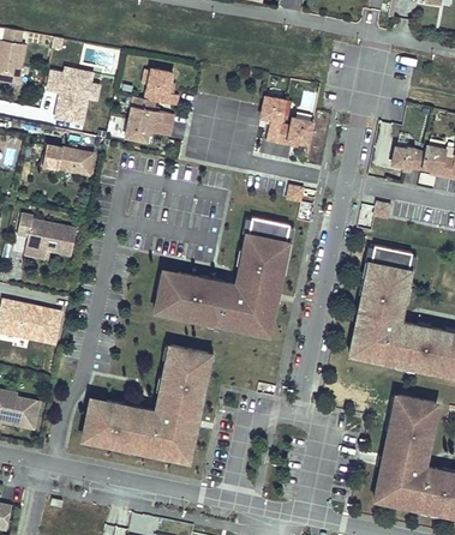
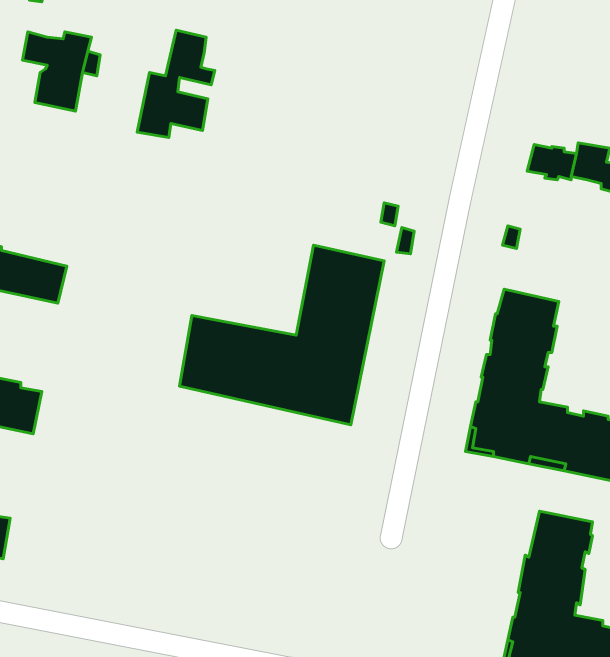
building: [261,96,312,145] -> none
building: [43,146,95,176] -> none
building: [82,345,208,458] -> none

